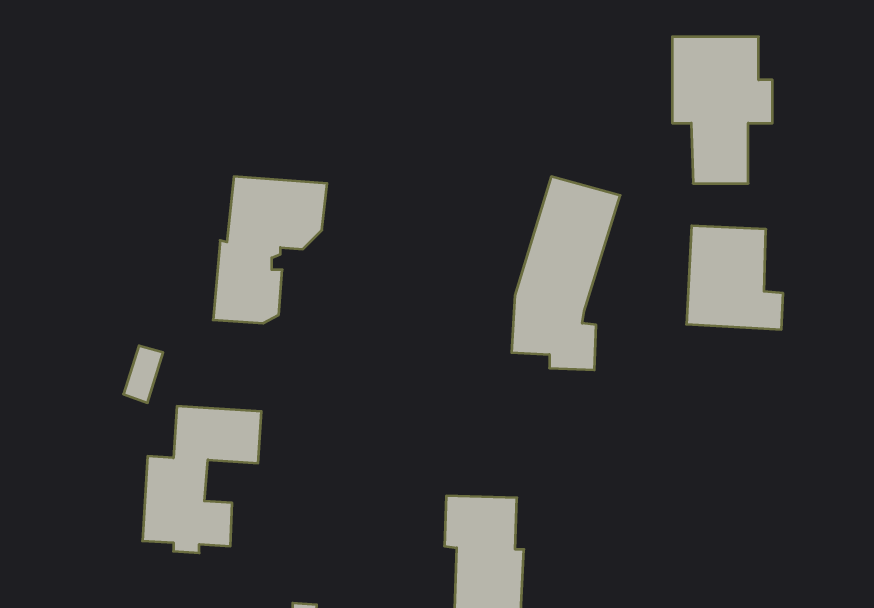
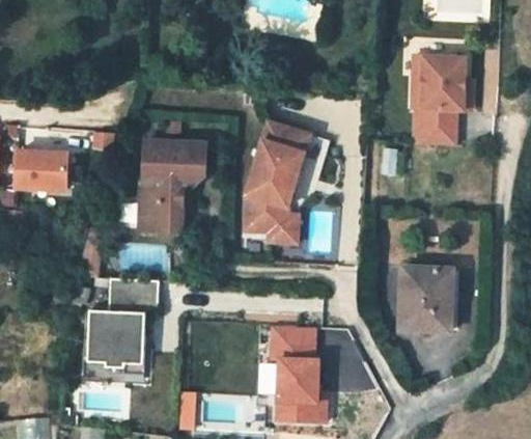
building: [512,177,620,370] -> [248,124,313,240]
building: none -> [17,147,68,187]
building: [686,226,783,329] -> [397,268,455,330]

